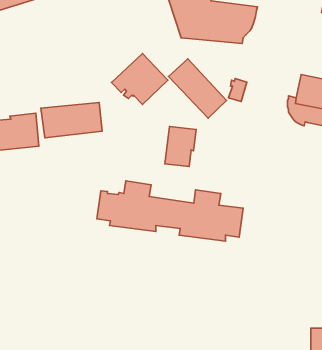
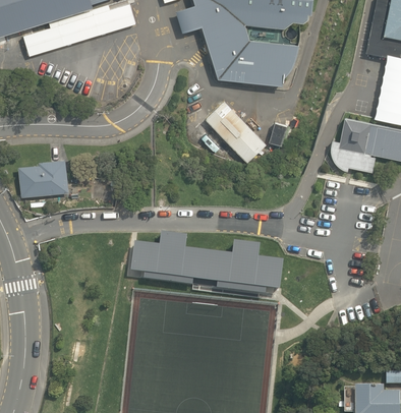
building: [112,53,168,104] -> none
building: [41,102,102,138] -> none
building: [165,127,196,167] -> none

